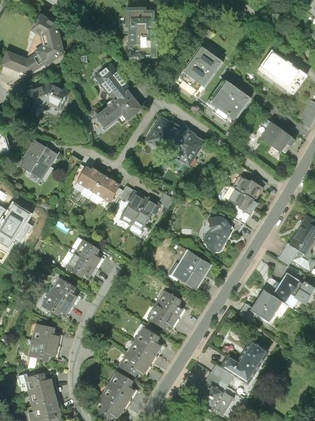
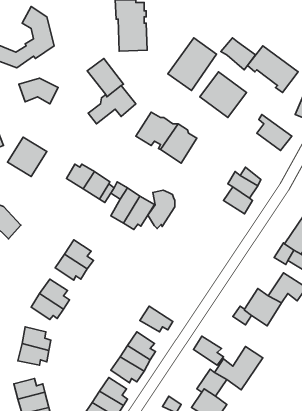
building: none -> [221,38,255,70]
building: [203,217,229,254] -> [148,190,175,229]
building: [171,249,211,290] -> none
building: [157,290,186,318] -> [194,336,224,365]

